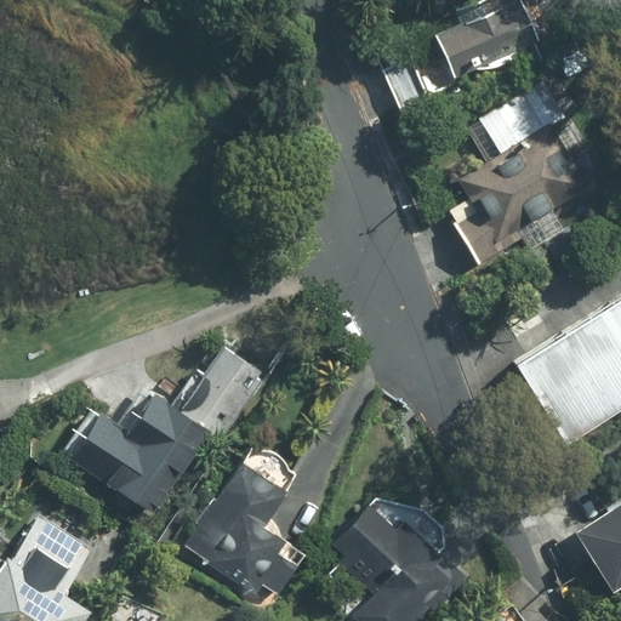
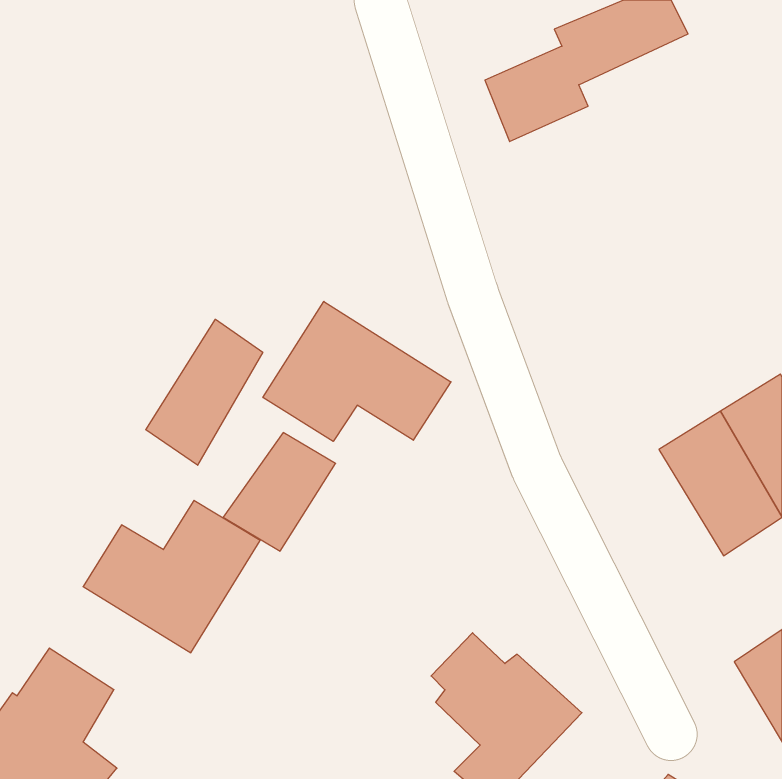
building: [455,79,588,264] -> none
building: none -> [263,301,451,441]
building: none -> [146,319,263,465]
building: [183,460,300,596] -> none

